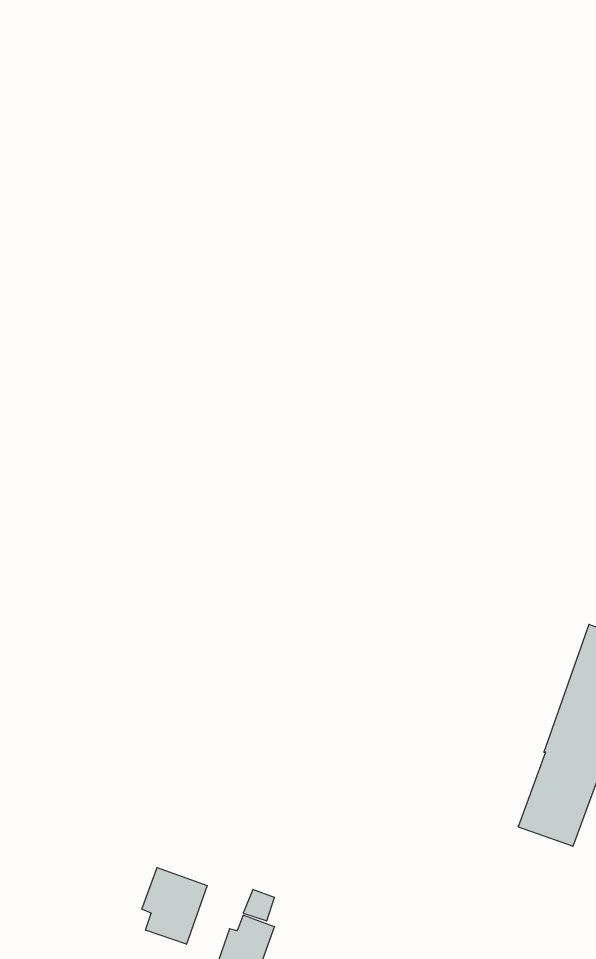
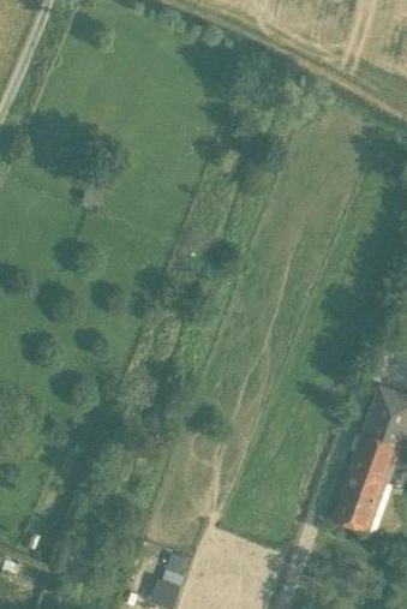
building: [142,867,207,944] -> none

